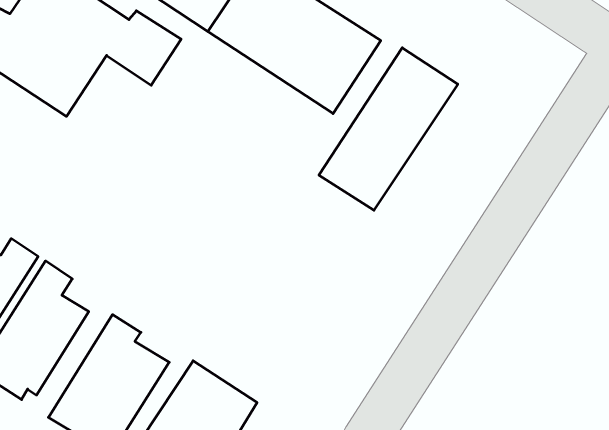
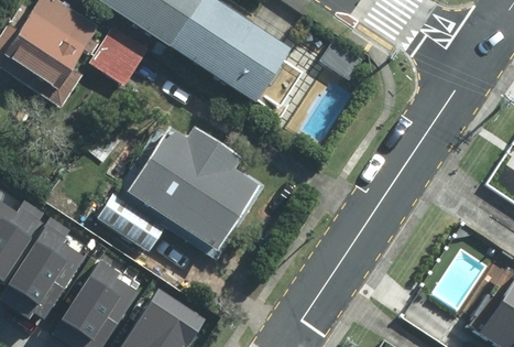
building: [319,48,458,210] -> none
building: none -> [97,132,264,254]

